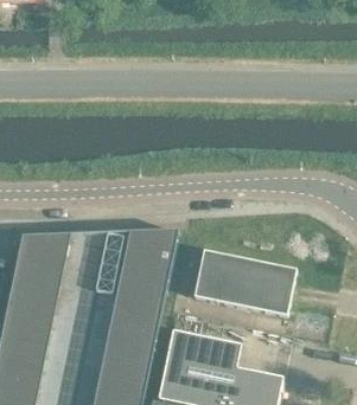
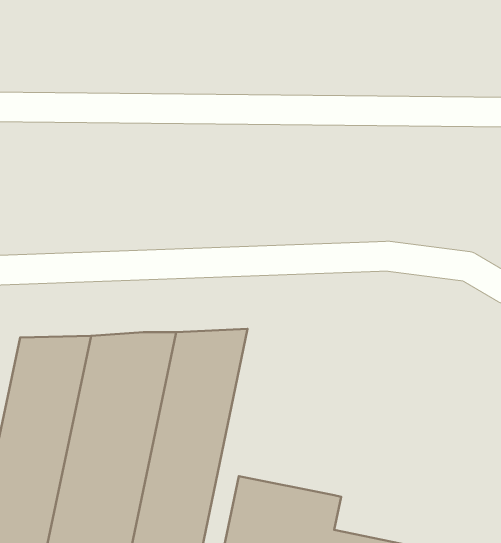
building: [193,249,295,315] -> none

